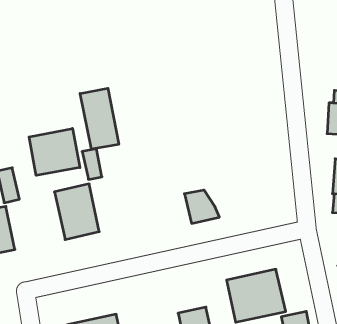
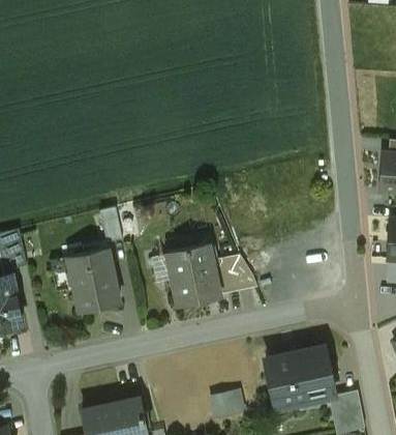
building: [80,88,119,149] -> none
building: [29,128,80,175] -> none
building: none -> [166,243,219,303]

